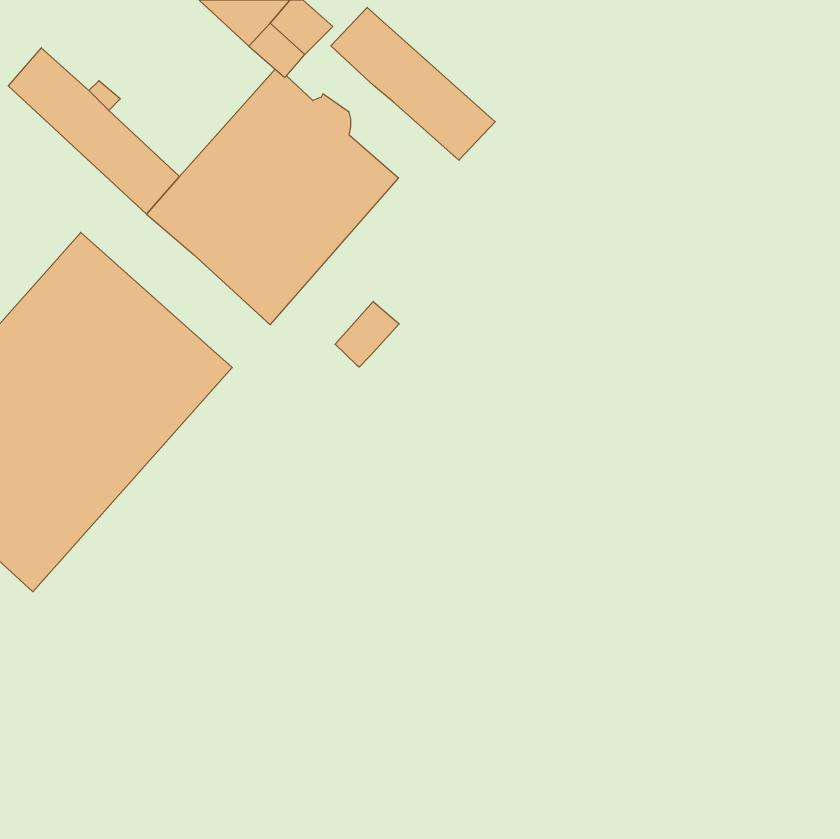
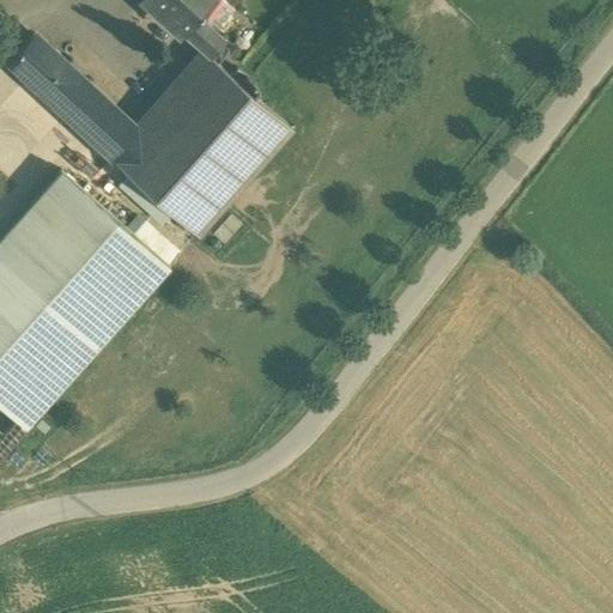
building: [331,7,495,160] -> none
building: [335,301,399,367] -> none

